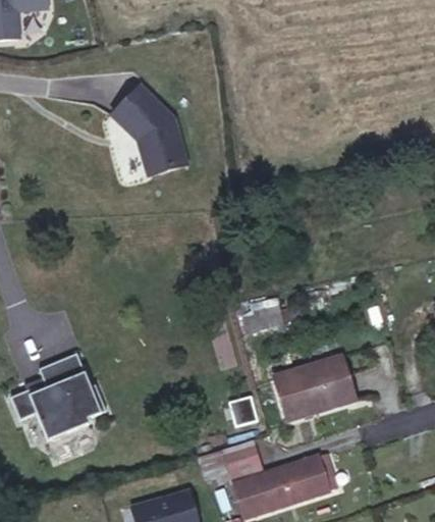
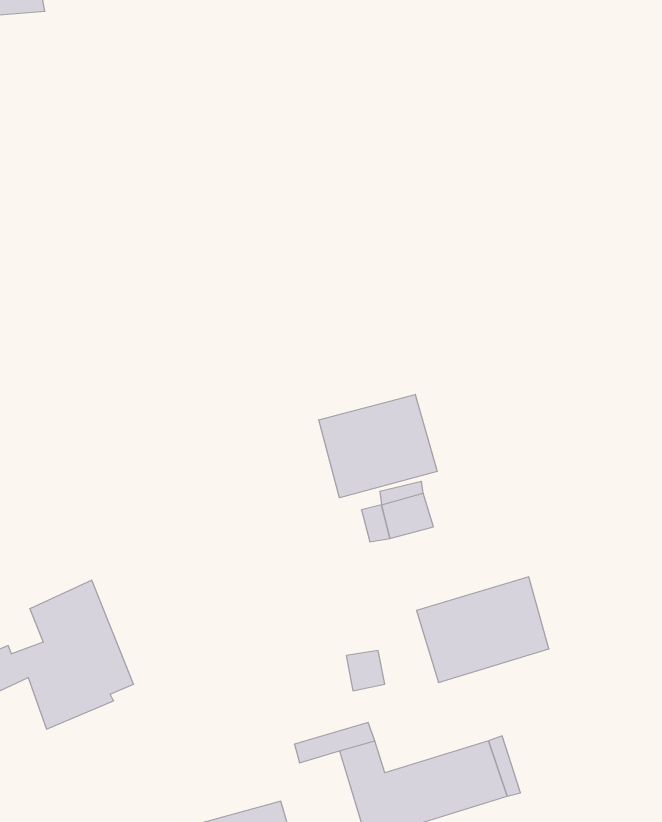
building: [110,87,192,182] -> none
building: none -> [319,394,437,498]

